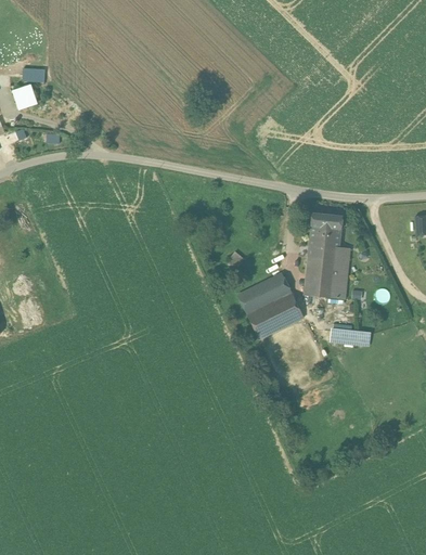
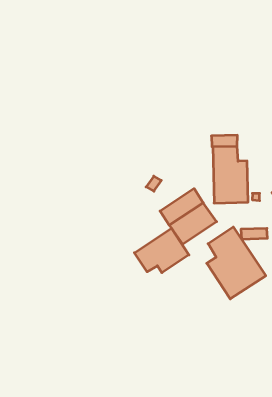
building: none -> [134,228,189,273]
building: none -> [207,227,266,299]

